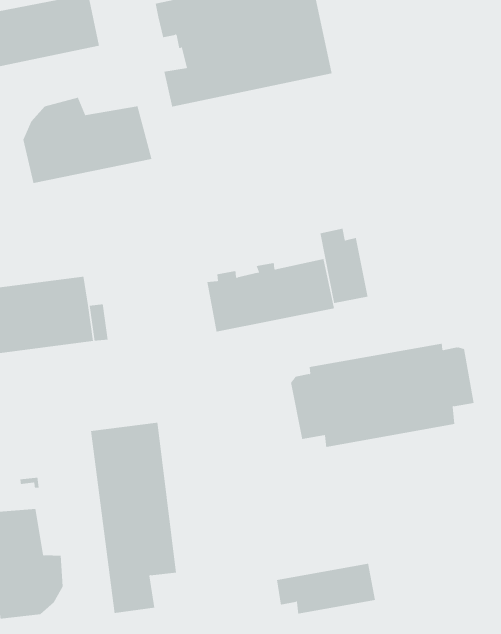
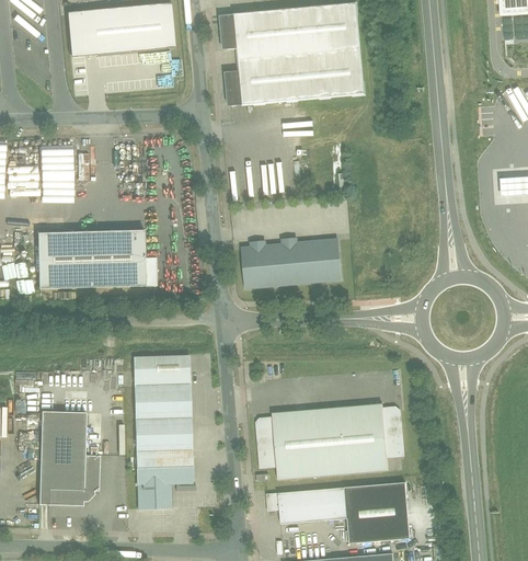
building: [23,97,152,184] -> none
building: [320,228,368,304] -> none
building: [290,343,475,448] -> [256,401,404,476]
building: none -> [348,484,411,542]

